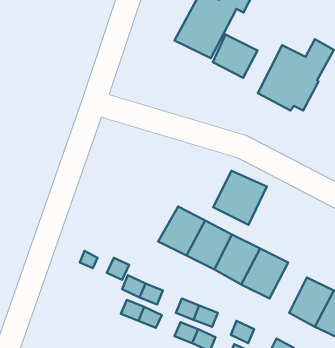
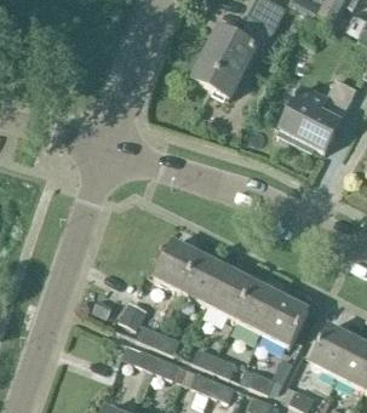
building: [213,35,257,78] -> none
building: [213,171,267,225] -> none
building: none -> [154,241,195,288]

